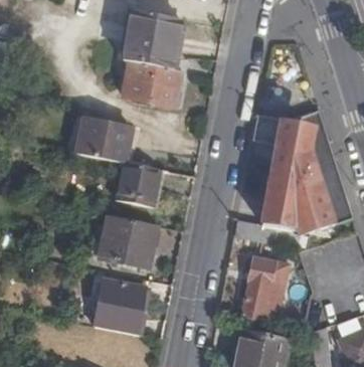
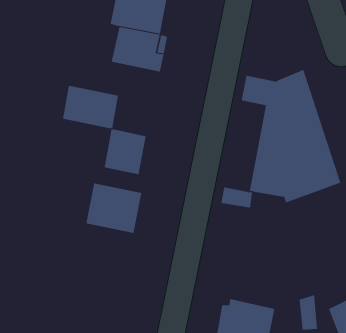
building: [242,258,288,321] -> none
building: [95,282,146,335] -> none

